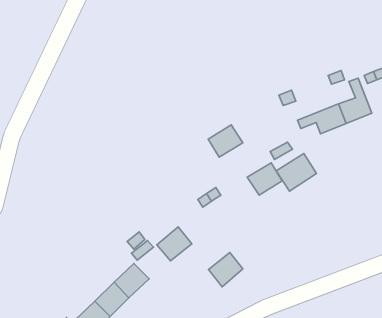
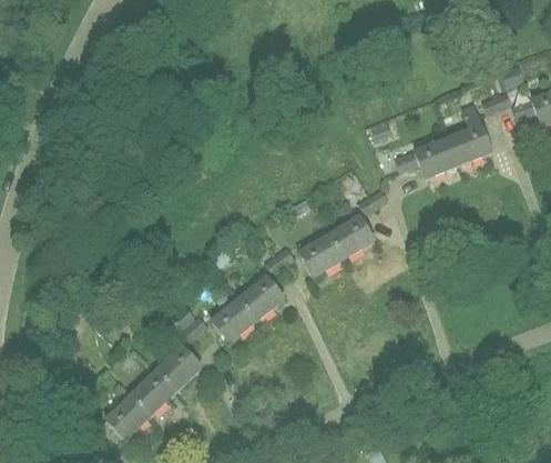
building: [208,125,243,157] -> [299,233,345,275]
building: [276,153,316,191] -> none
building: [209,253,243,287] -> [239,275,284,320]

